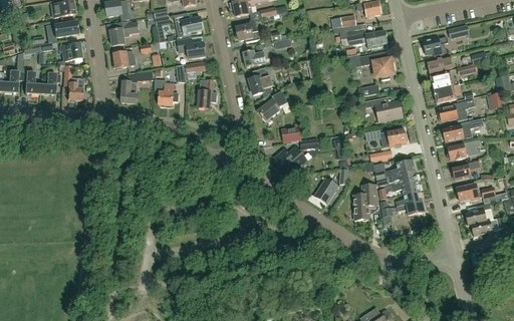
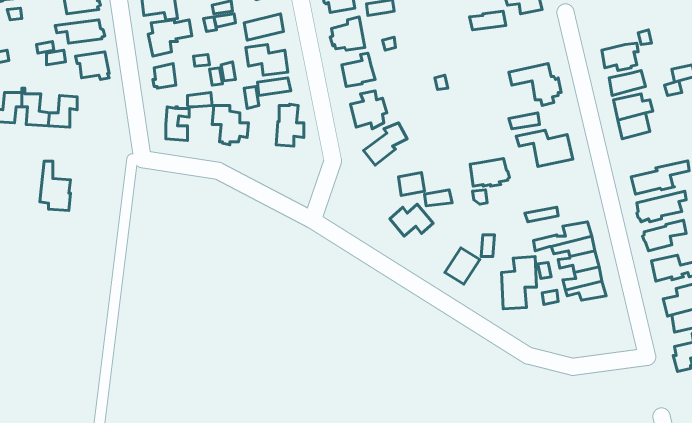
building: [340,29,388,48] -> none
building: [62,66,83,100] -> [40,161,70,210]
building: [438,99,474,121] -> none
building: [380,128,408,147] -> [470,159,509,186]

